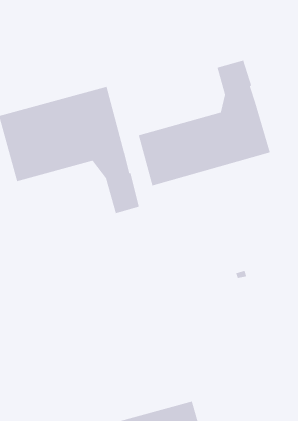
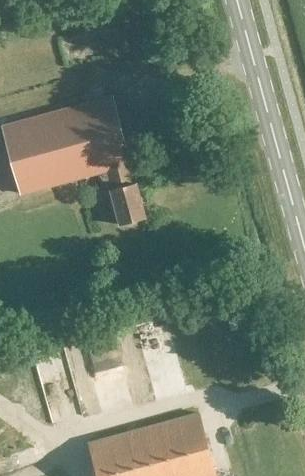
building: [138,60,271,187] -> none

